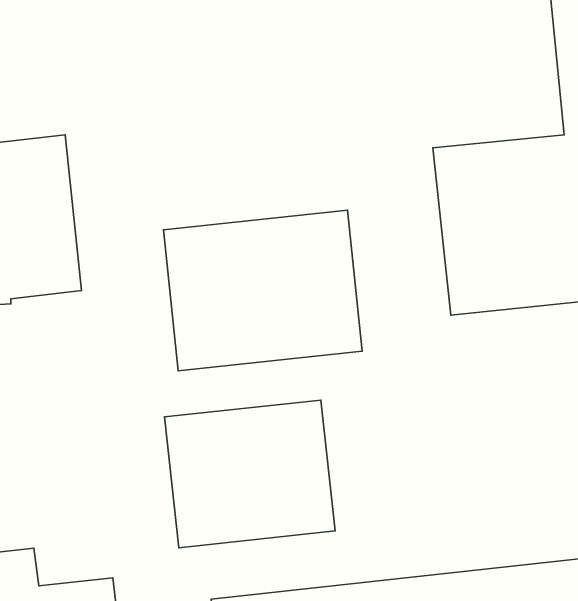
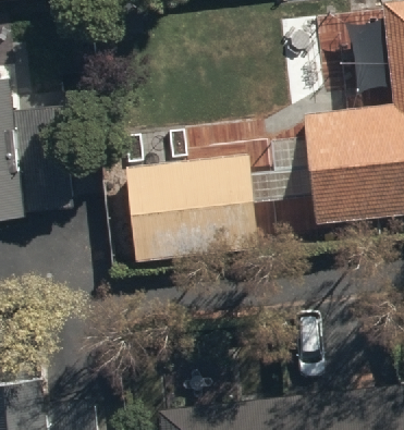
building: [165,400,335,548] -> none

